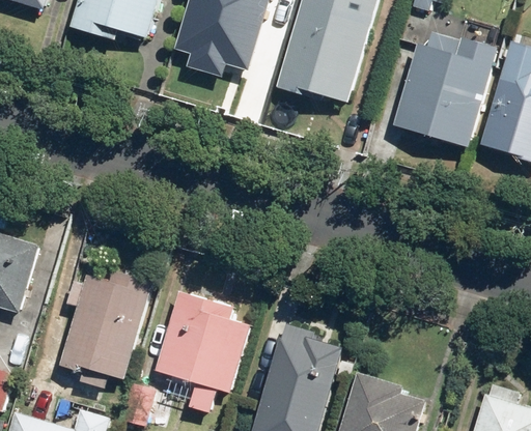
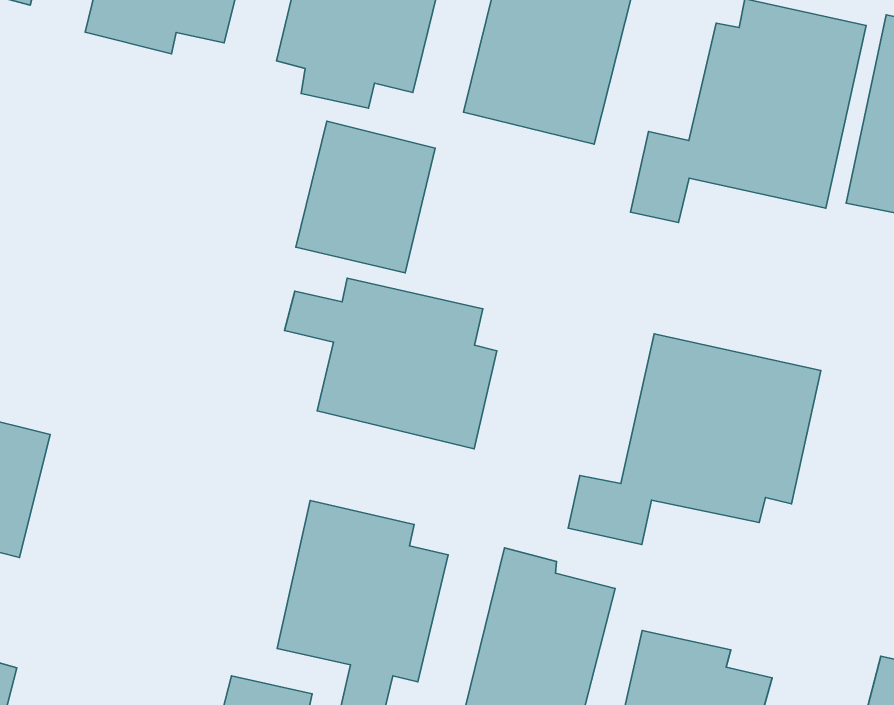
building: none -> [296,121,435,273]
building: none -> [285,278,497,449]
building: none -> [568,334,821,544]
building: [60,270,156,380] -> none

